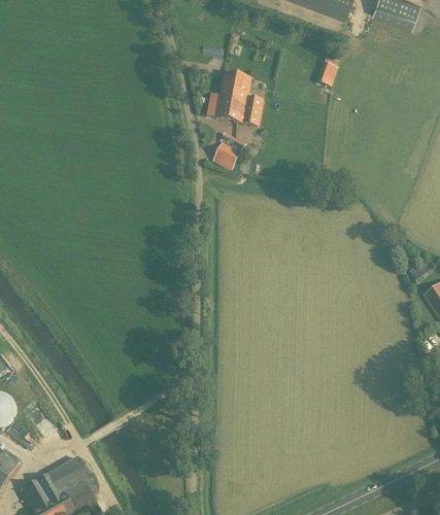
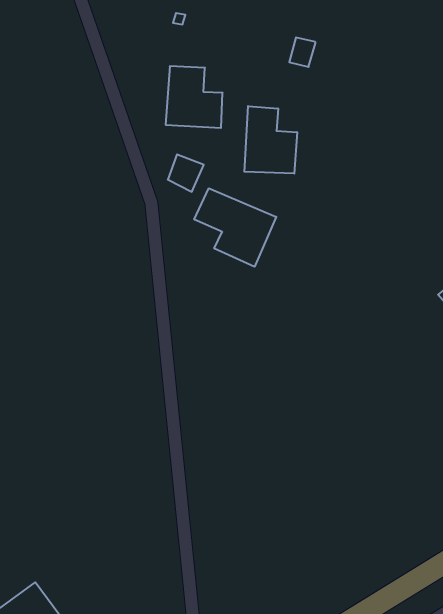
building: none -> [244,106,297,174]
building: none -> [194,188,276,267]

